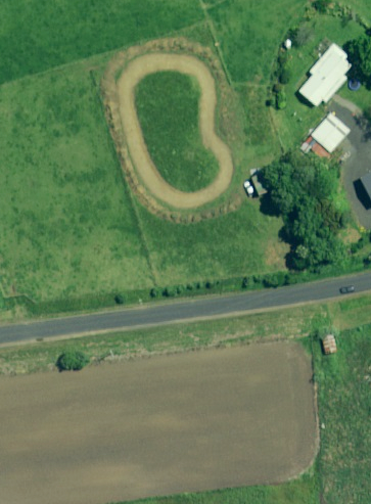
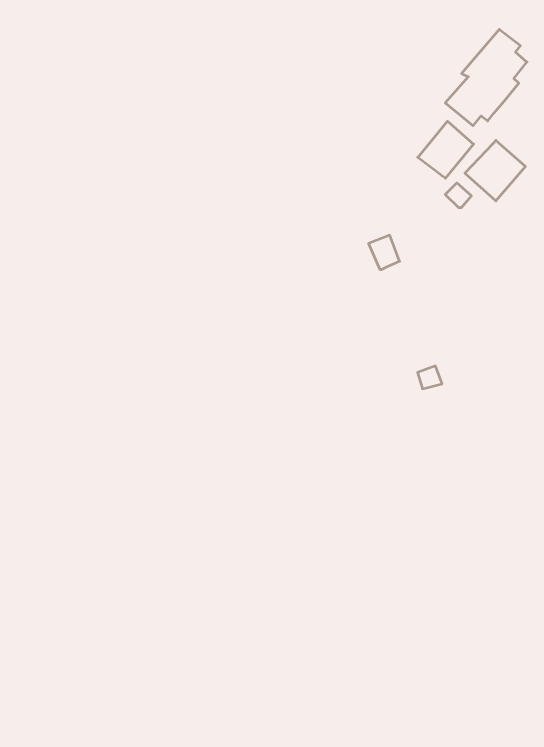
building: none -> [418,121,474,178]

